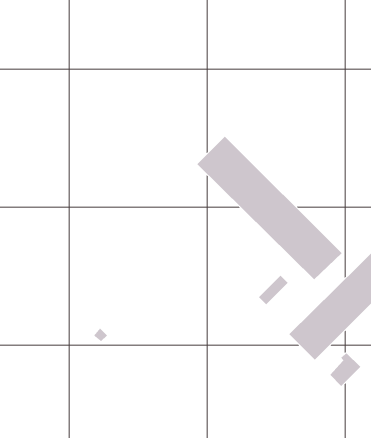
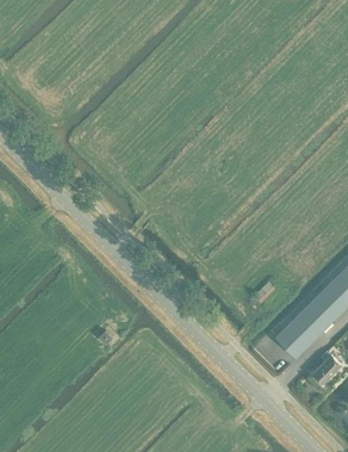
building: [197,136,343,280] -> none

